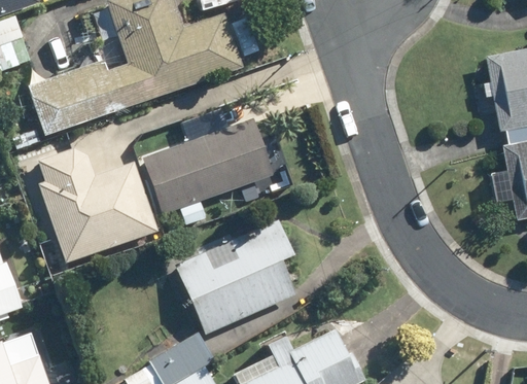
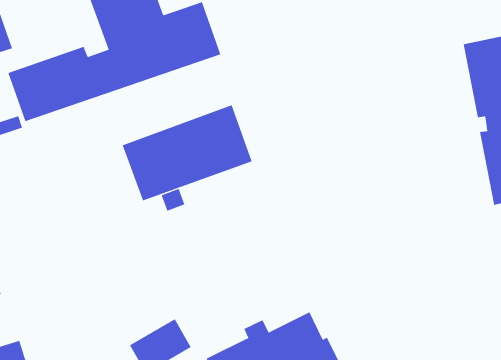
building: [37,148,157,263] -> none
building: [174,219,296,335] -> none

